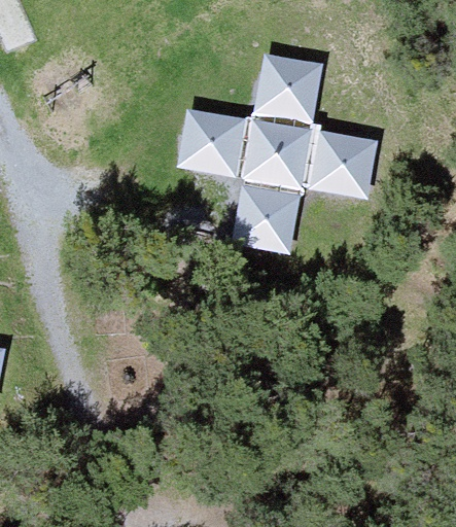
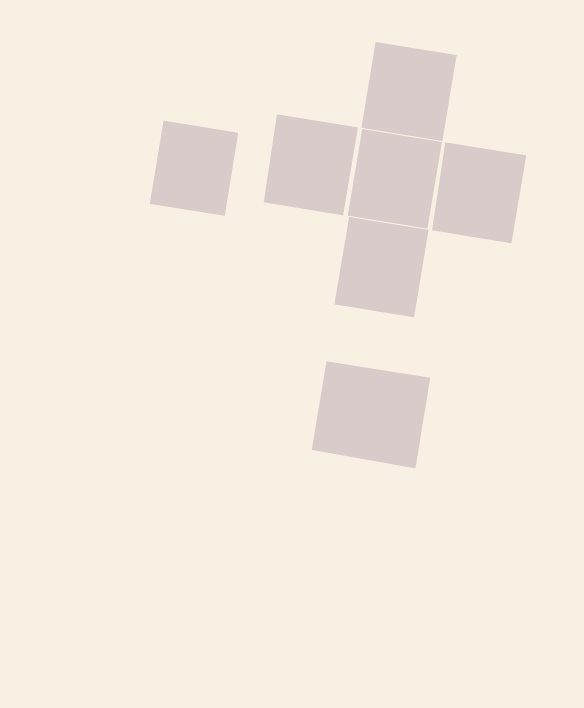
building: none -> [149,120,239,217]
building: none -> [311,360,431,469]

